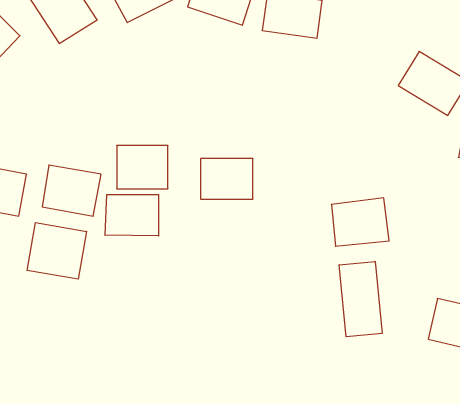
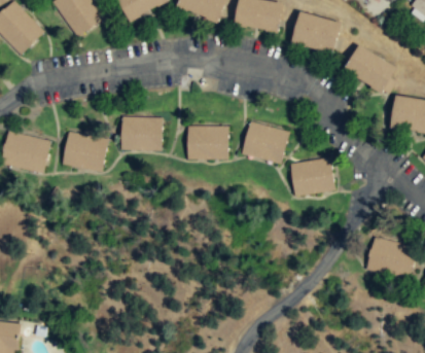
building: none -> [291,12,342,54]
building: none -> [242,122,289,165]
building: [105,195,159,236] -> none
building: [27,223,87,279] -> none
building: [339,261,382,337] -> none

